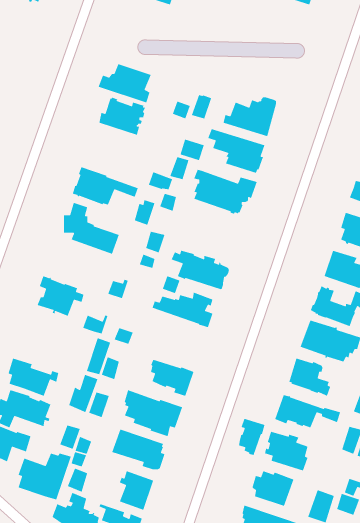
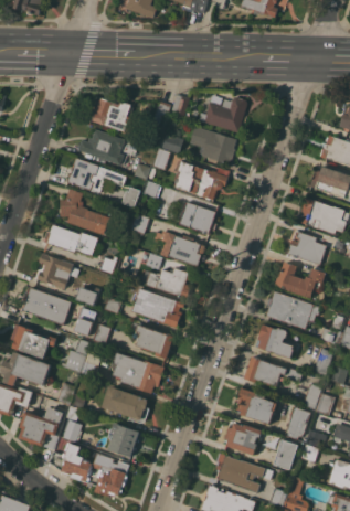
building: [97,63,152,104] -> [77,129,125,164]
building: none -> [179,202,216,234]
building: none -> [44,224,98,256]
building: none -> [22,287,71,324]
building: none -> [131,288,184,328]
building: [238,418,266,456] -> none
building: none -> [284,406,310,439]

